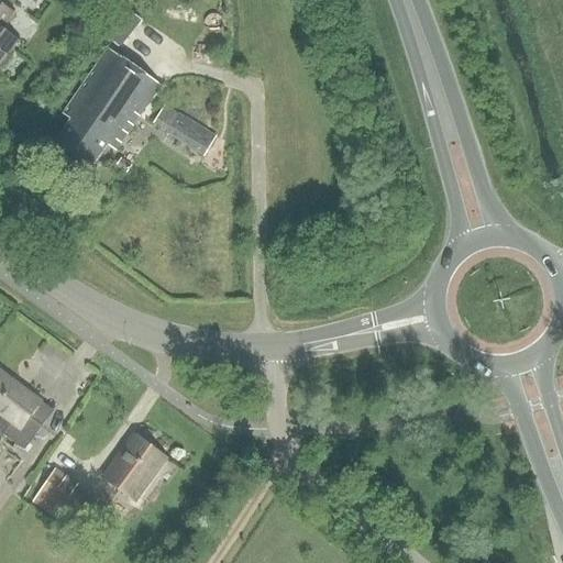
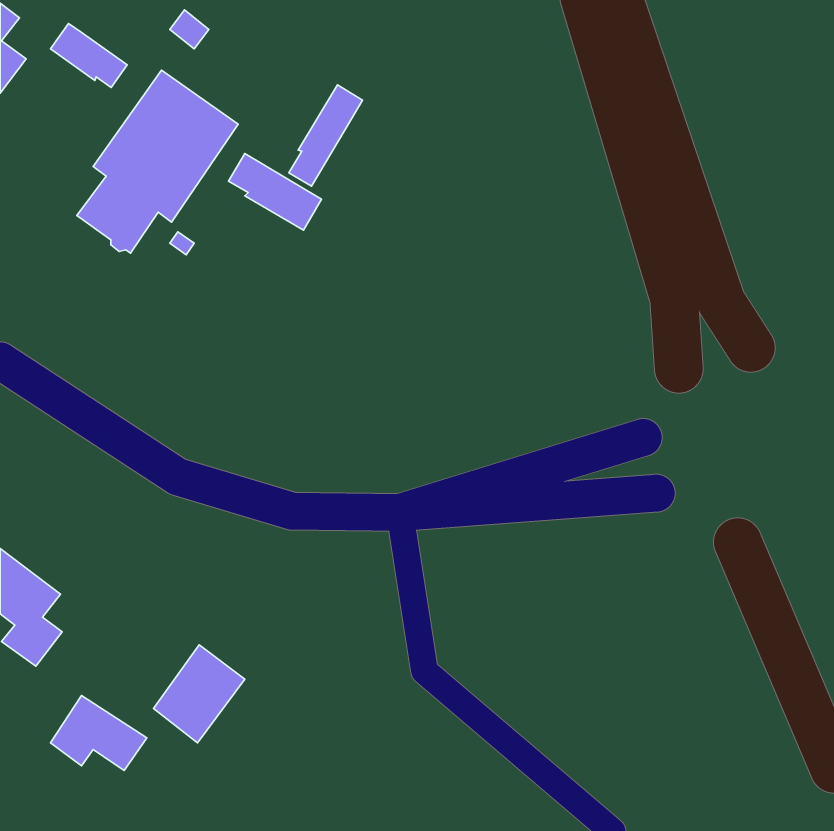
building: none -> [50,24,127,87]
building: none -> [289,85,362,186]

